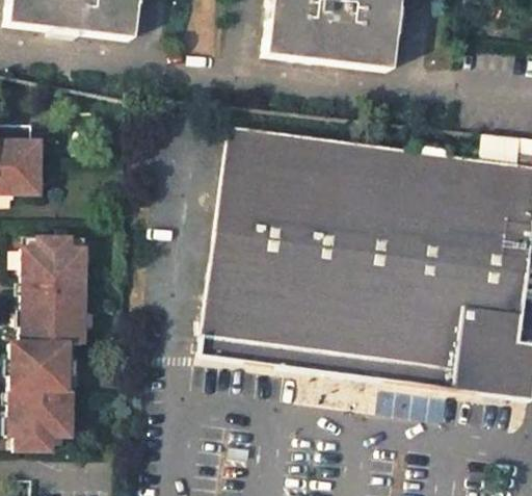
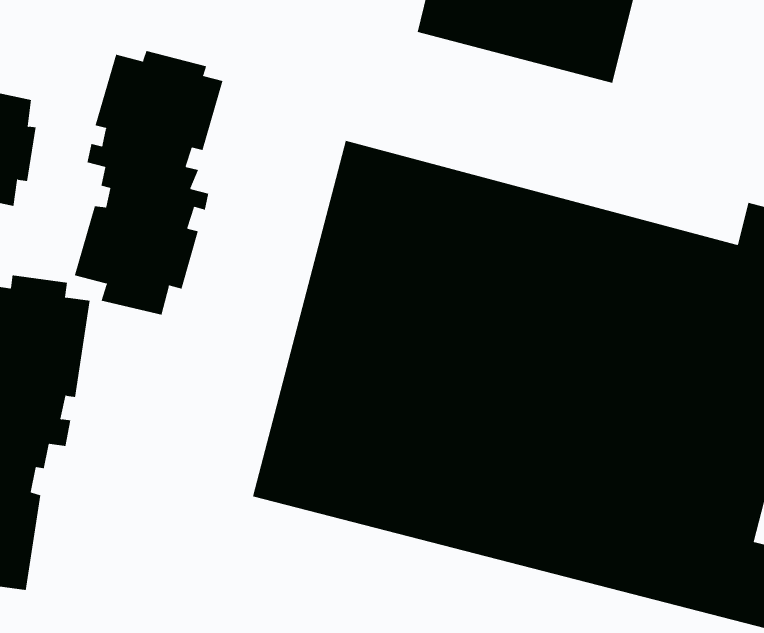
building: none -> [74,50,223,316]

